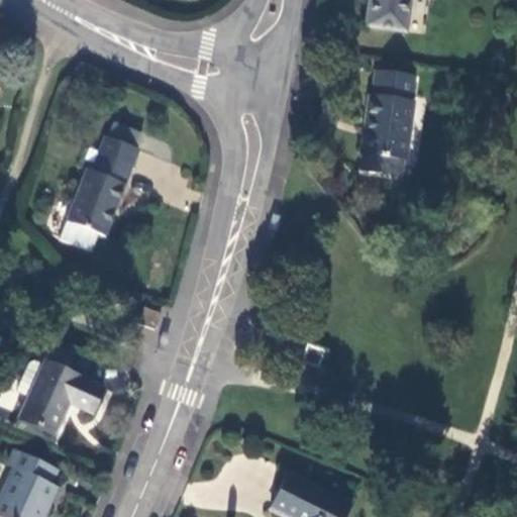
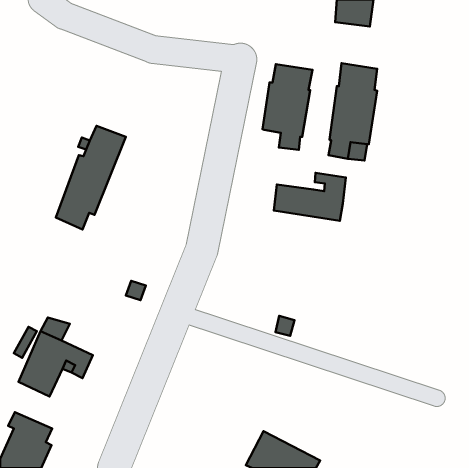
building: none -> [262,64,312,150]
building: none -> [274,173,346,221]

